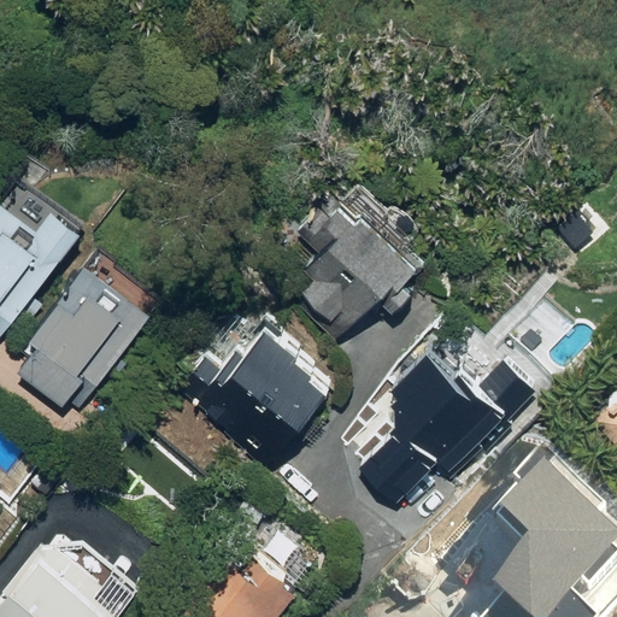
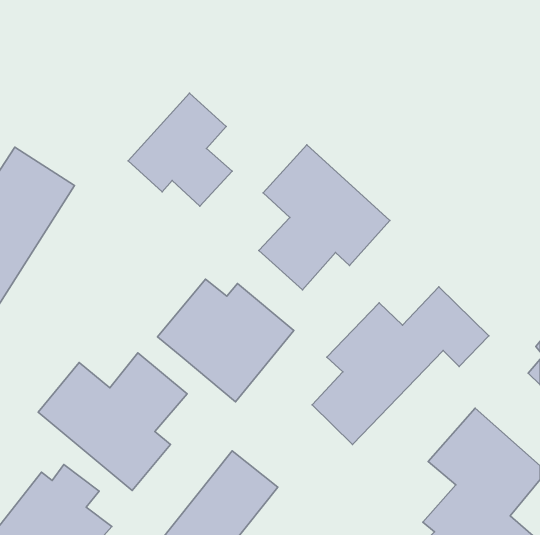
building: none -> [128,93,232,206]
building: [7,247,164,422] -> none
building: none -> [38,353,187,491]

